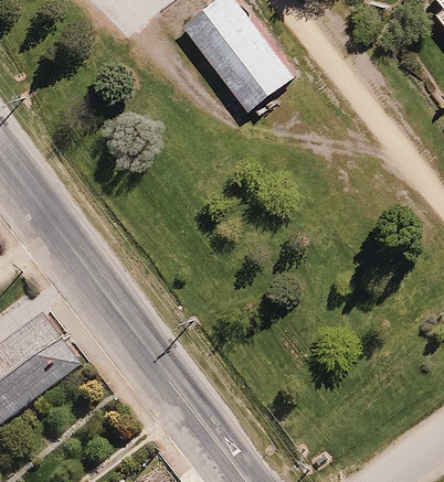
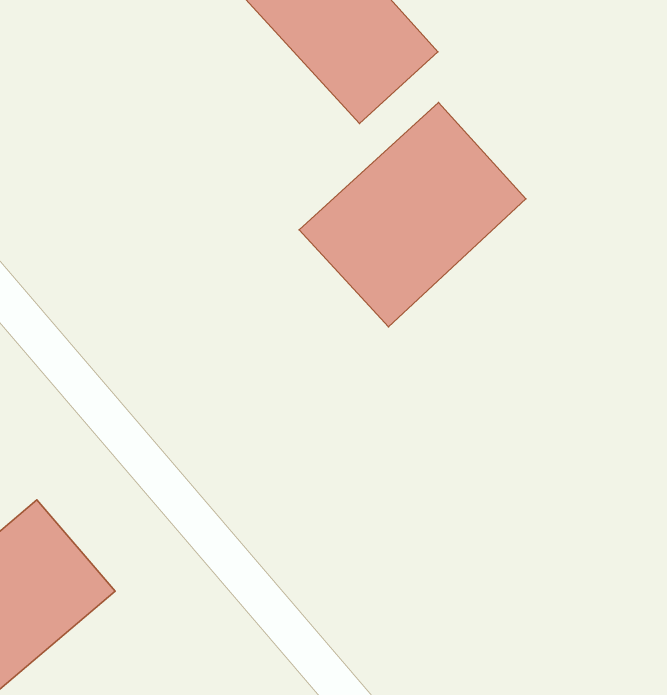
building: none -> [299,102,526,327]

